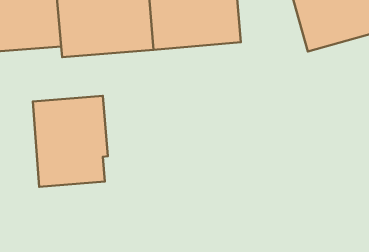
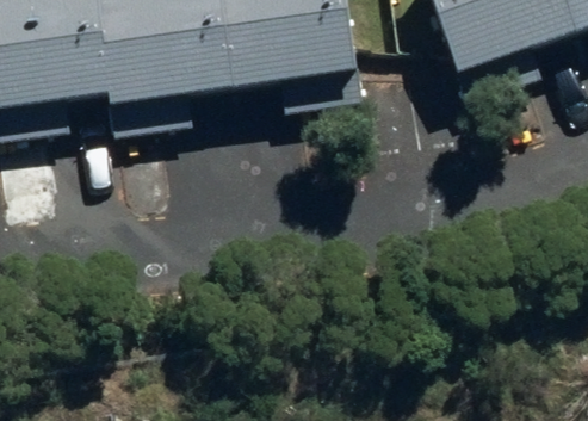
building: [33,96,108,187] -> none

